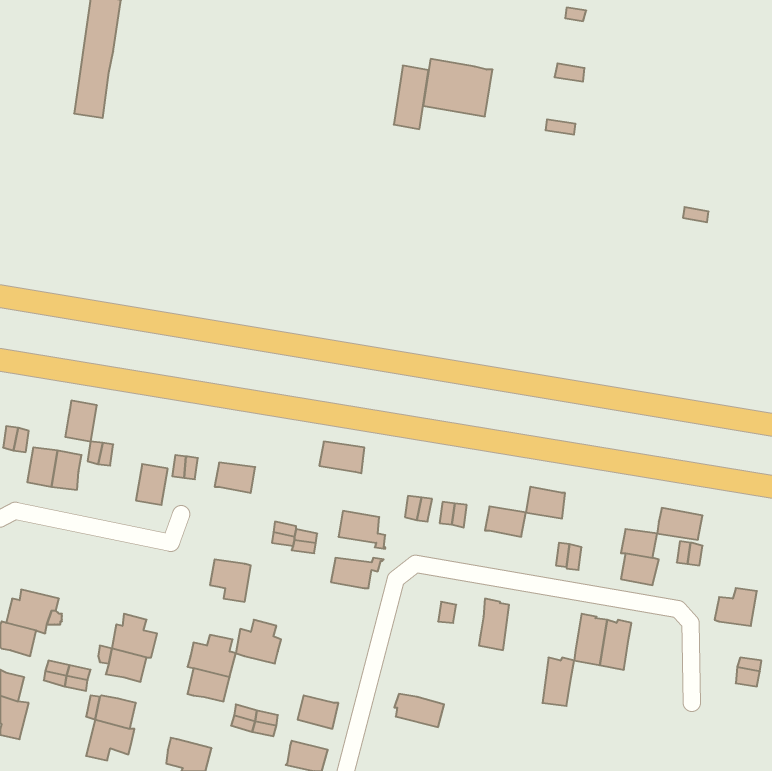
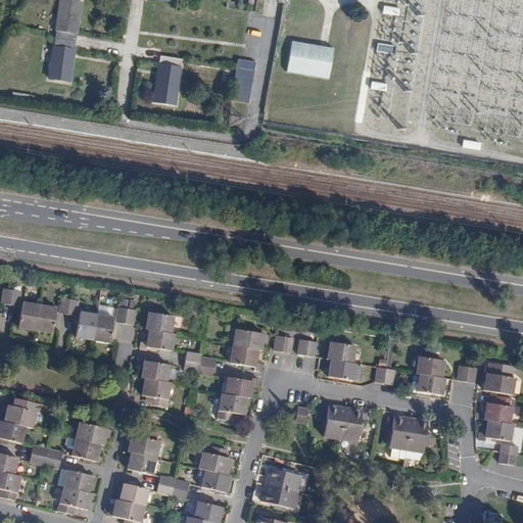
building: [394,66,429,129] -> [233,62,256,105]
building: none -> [154,53,182,101]
building: [65,401,97,441] -> [75,311,96,338]
building: [319,442,364,473] -> [232,329,263,350]
building: none -> [139,329,174,350]
building: [526,487,565,519] -> [328,359,354,380]
building: [657,508,703,540] -> [483,373,514,394]
building: none -> [137,355,169,381]
building: none -> [217,393,246,421]
building: [236,620,281,664] -> [199,445,230,475]
building: none -> [477,420,511,441]
building: [542,658,574,706] -> [340,409,362,441]
building: none -> [120,482,147,506]
building: none -> [262,484,296,508]

